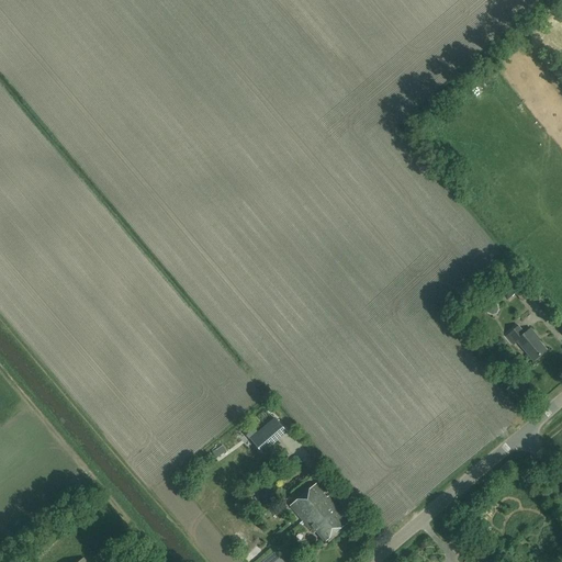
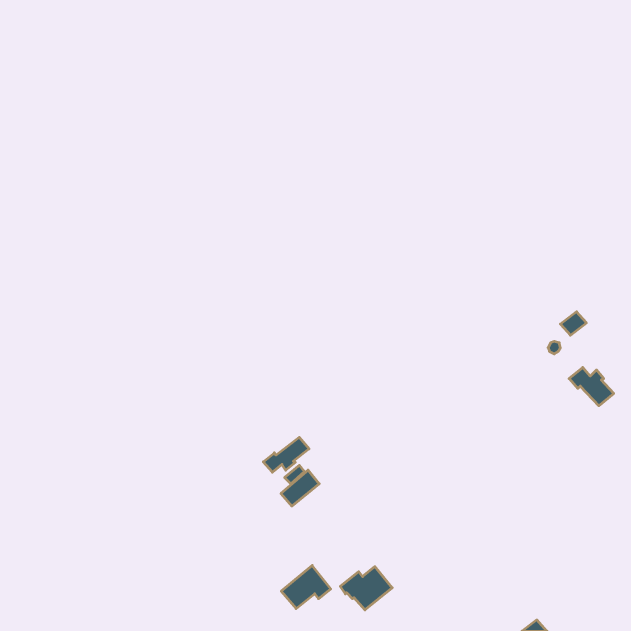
building: none -> [263,437,309,472]
building: [289,482,333,520] -> [281,565,331,609]

